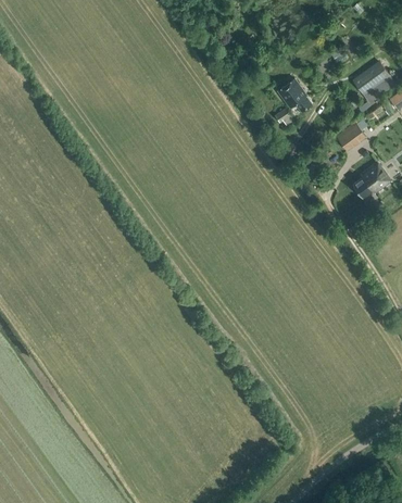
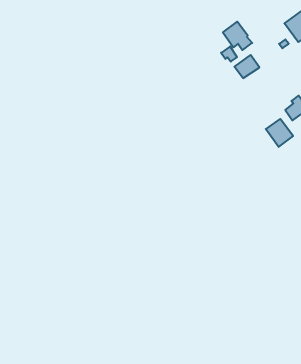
building: [335,122,365,150] -> [234,55,259,78]
building: none -> [266,119,293,147]

